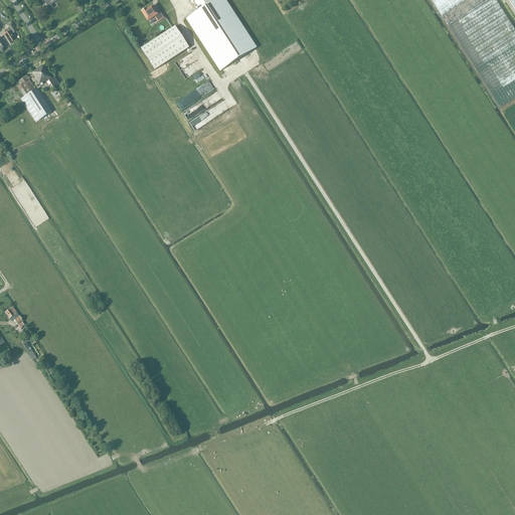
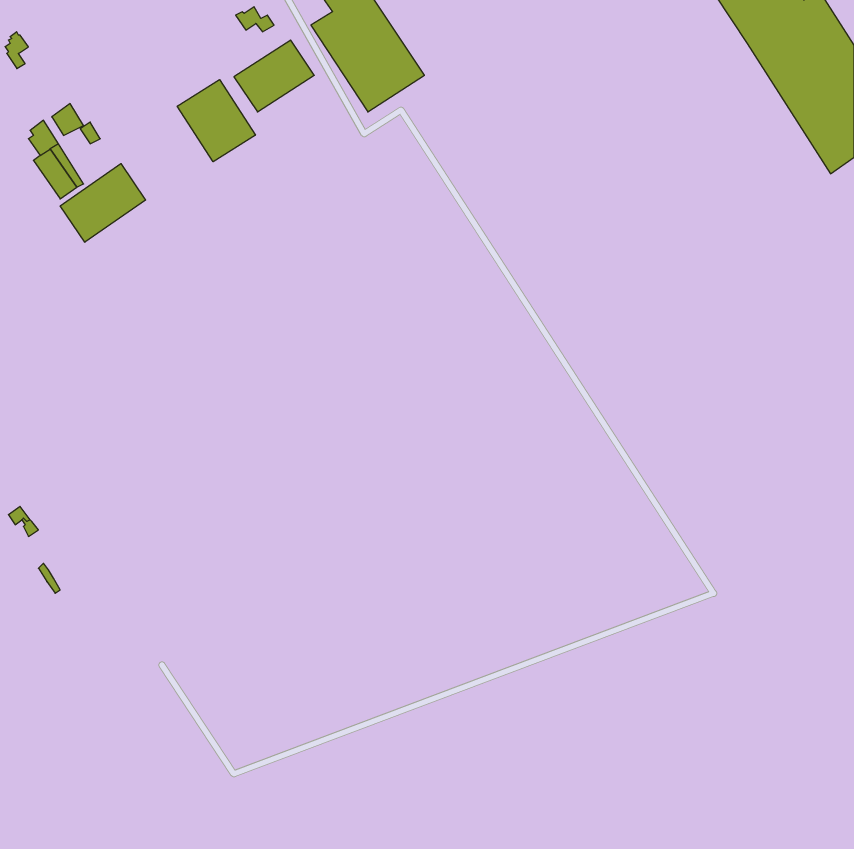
building: none -> [177,80,255,162]
building: none -> [60,164,146,242]

